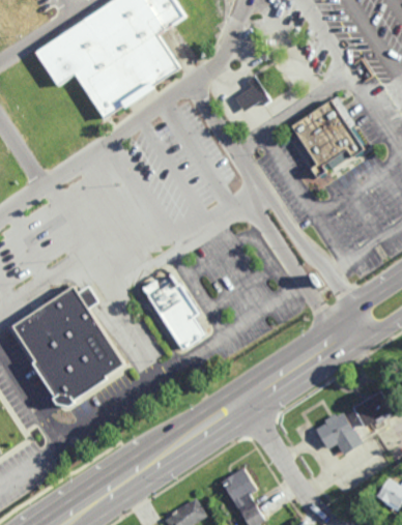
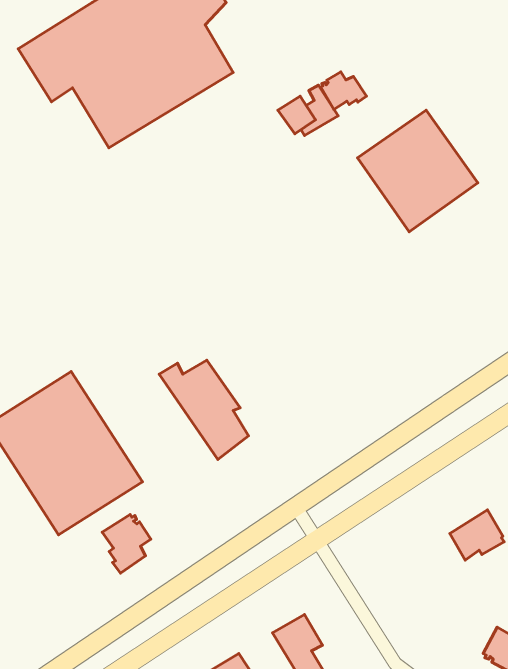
building: none -> [321,72,366,109]
building: none -> [102,514,151,573]
building: [315,411,364,455] -> none

